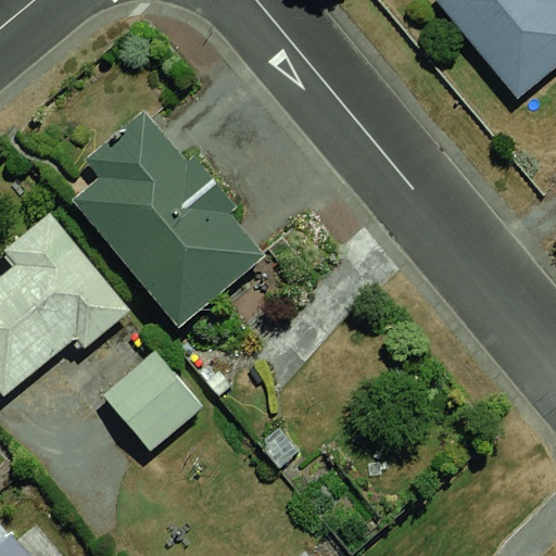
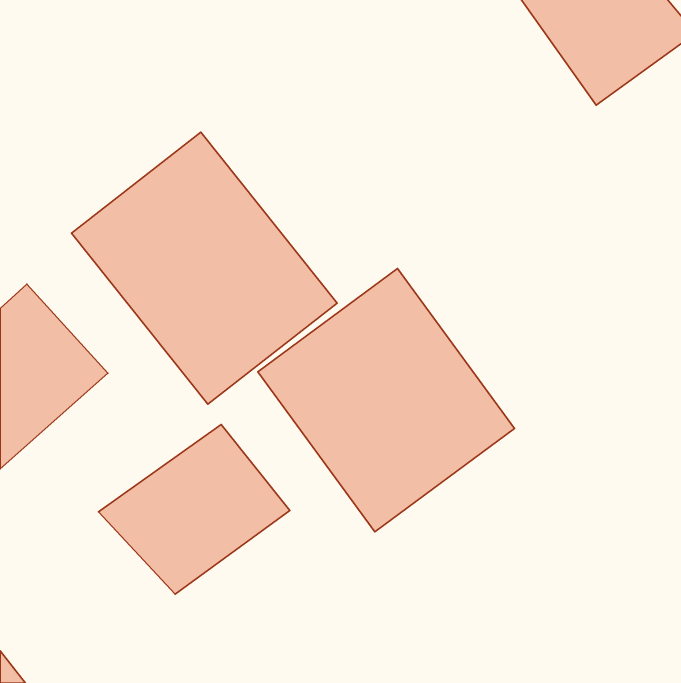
building: none -> [258,268,514,532]

